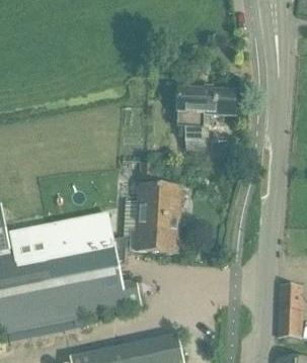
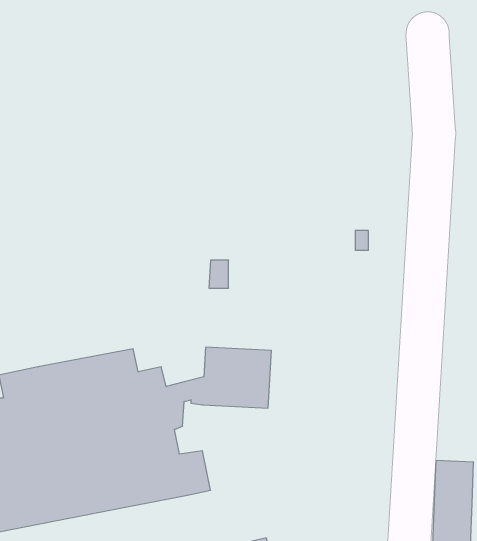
building: [178,90,235,149] -> none
building: [138,185,180,217] -> none

